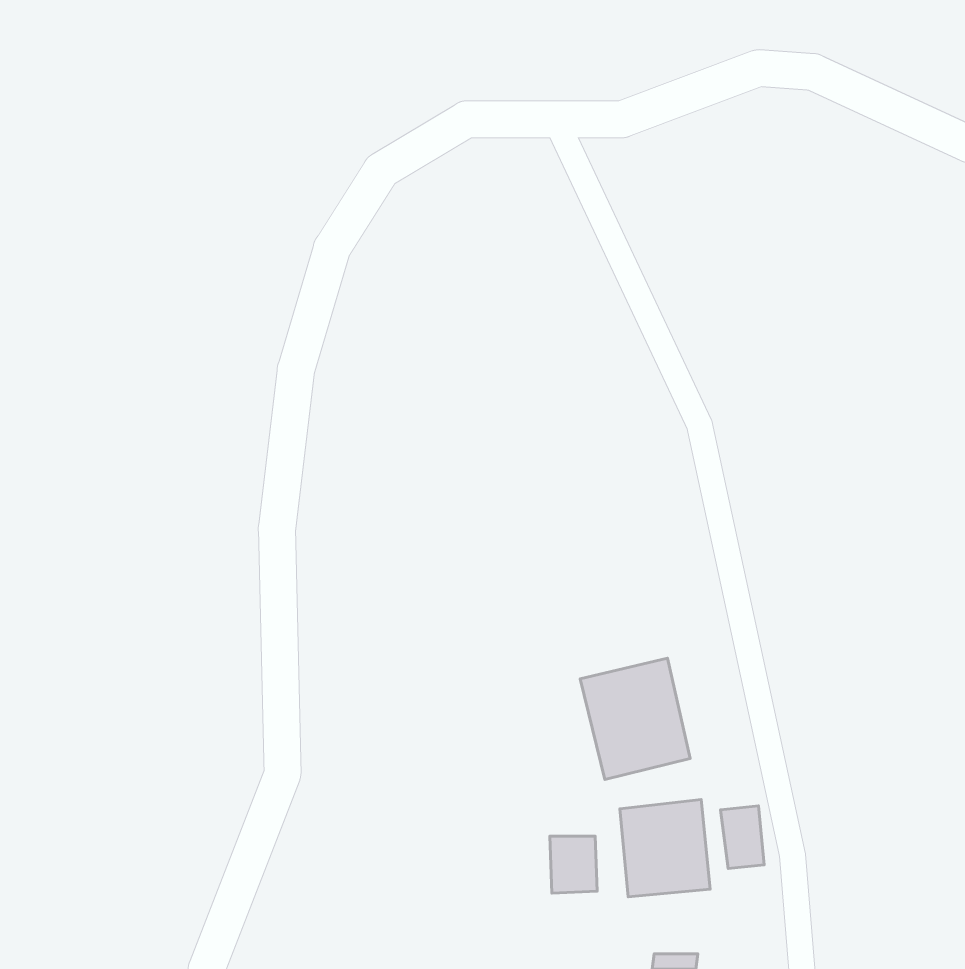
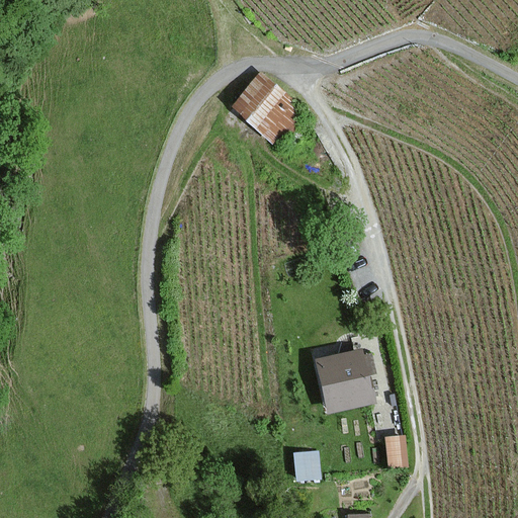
building: none -> [232,75,300,143]
building: [620,799,710,897] -> none

